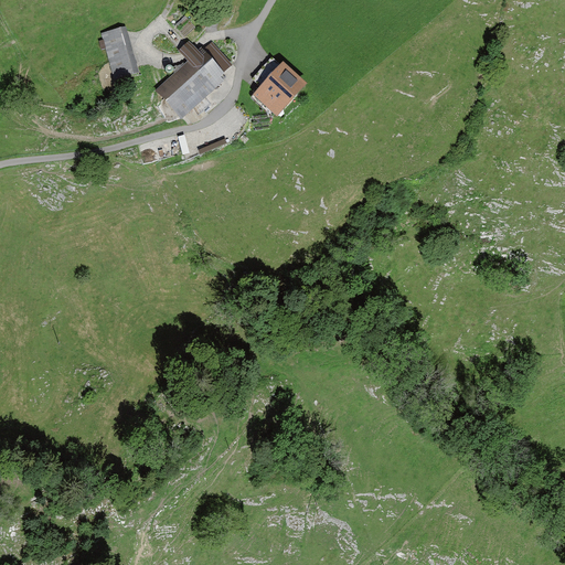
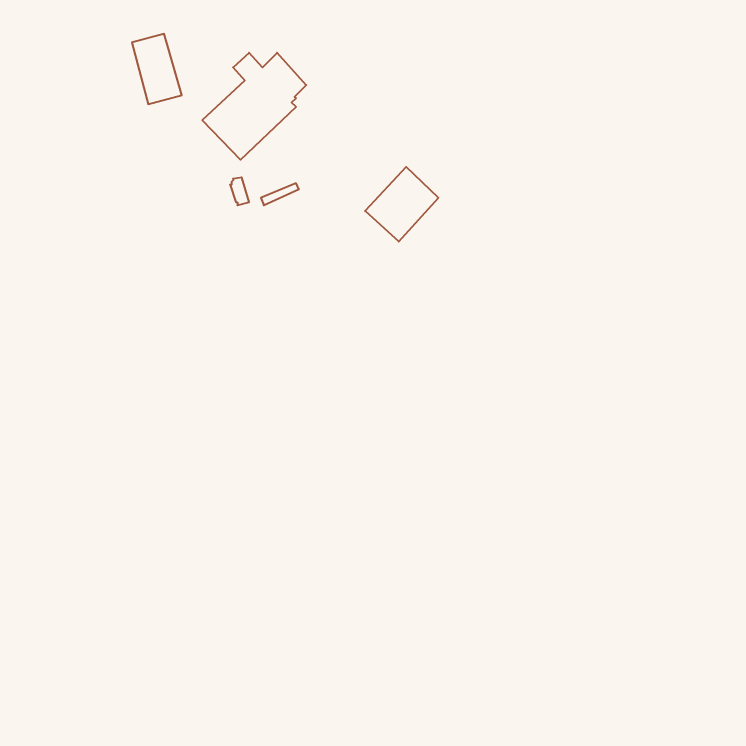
building: [250,62,306,118] -> [365,167,438,242]

